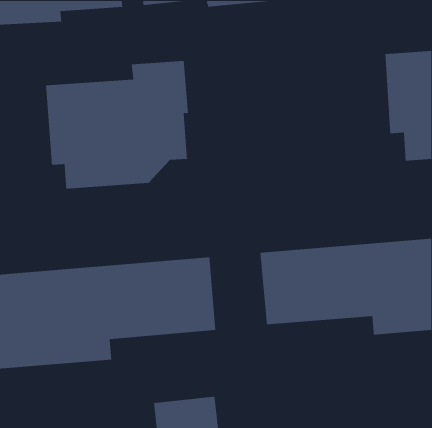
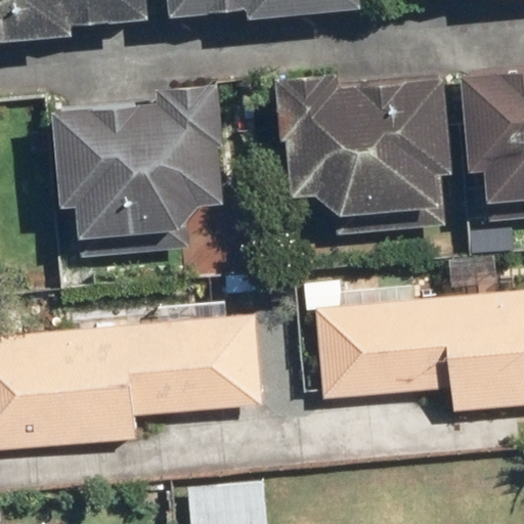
building: none -> [275,71,454,213]

